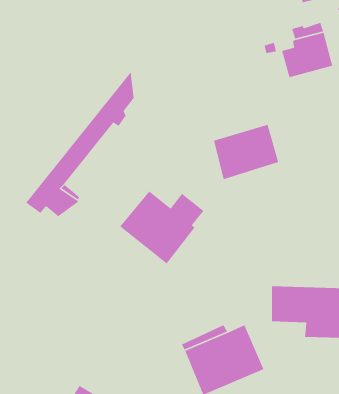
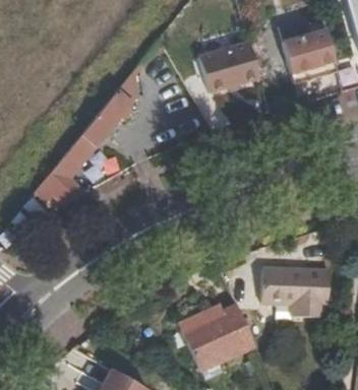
building: [213,124,279,180] -> [200,42,261,93]
building: [119,190,205,265] -> none

